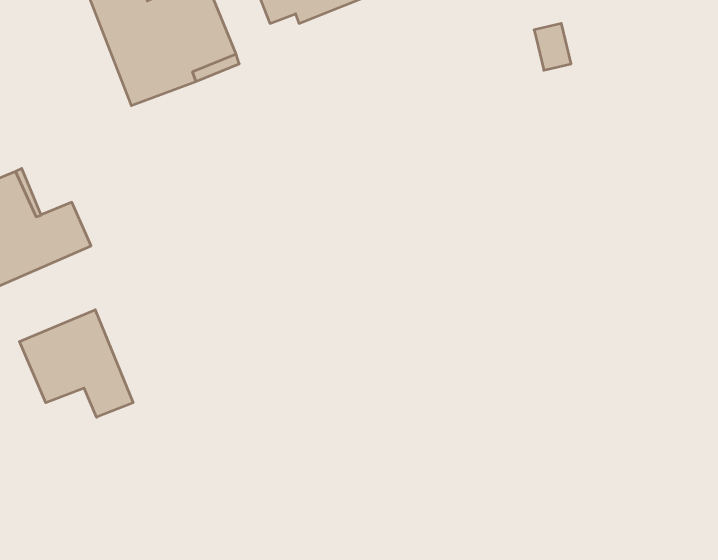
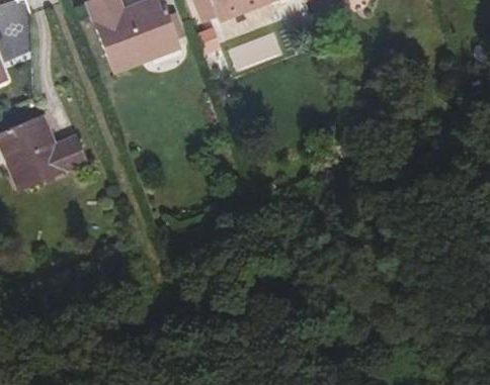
building: [19,310,133,417] -> none

